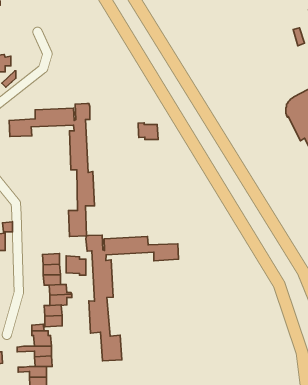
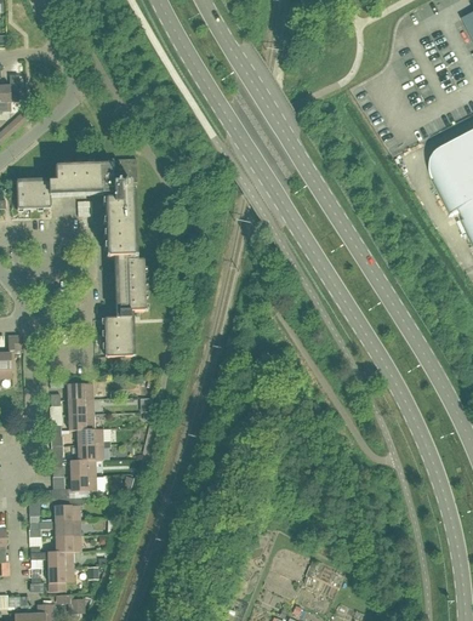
building: [138,123,158,139] -> none
building: [86,235,178,361] -> none
building: [66,256,86,275] -> none

